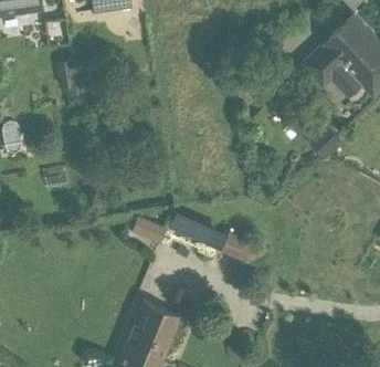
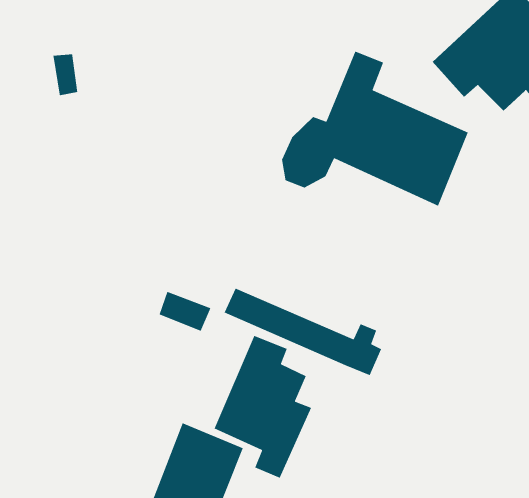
building: none -> [281,51,469,207]
building: none -> [213,335,312,479]

